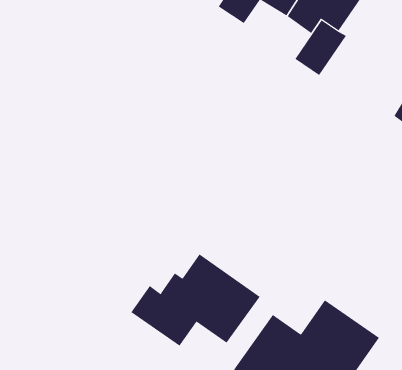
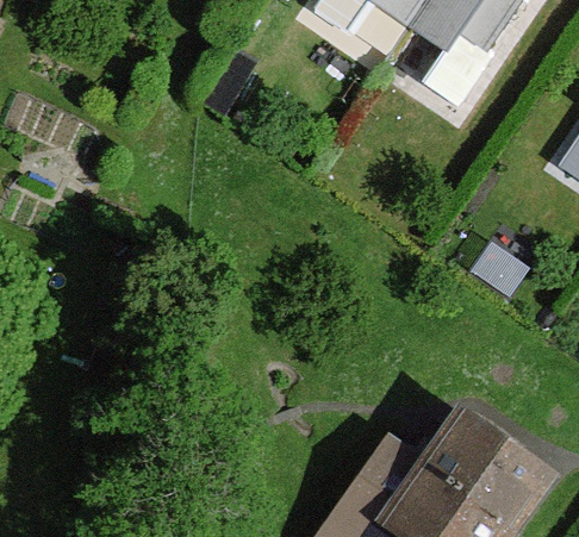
building: [131,254,260,347] -> none

